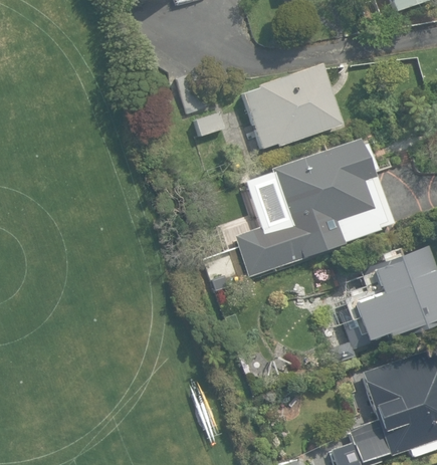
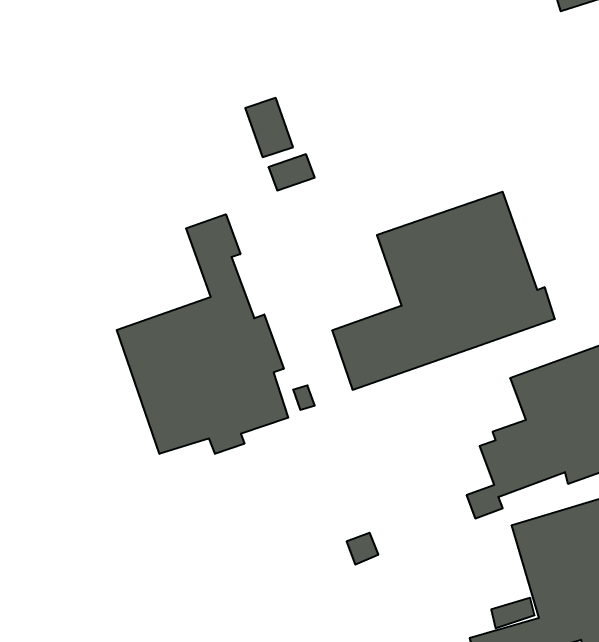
building: [242,65,342,150] -> none
building: none -> [117,214,288,454]

